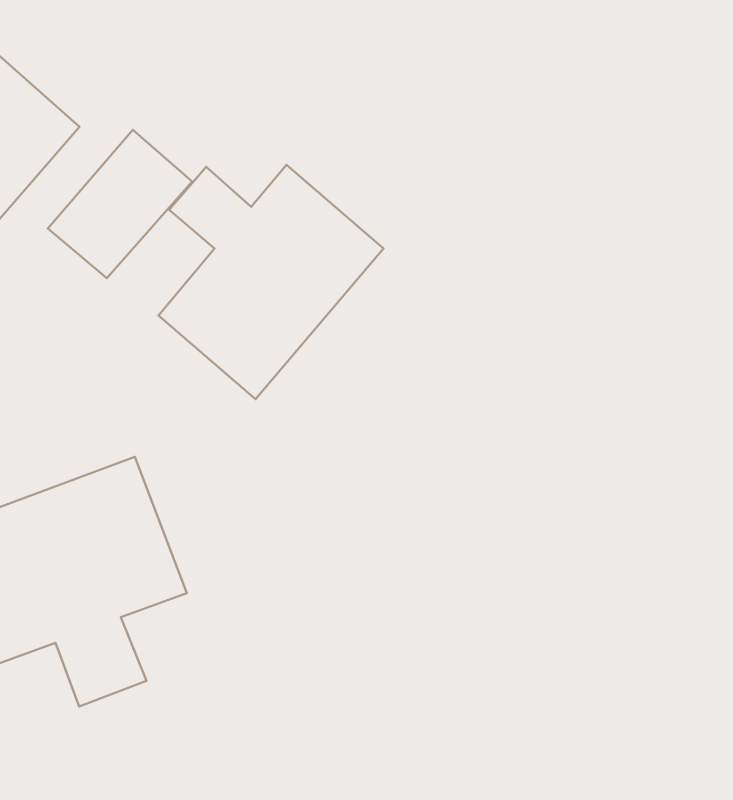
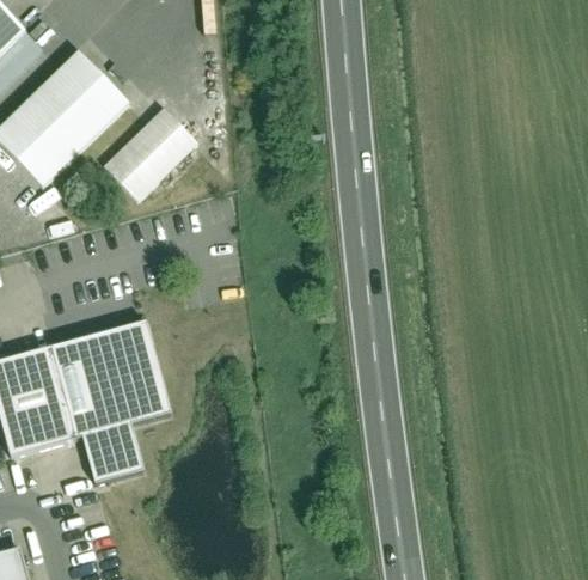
building: [158,165,384,399] -> none

